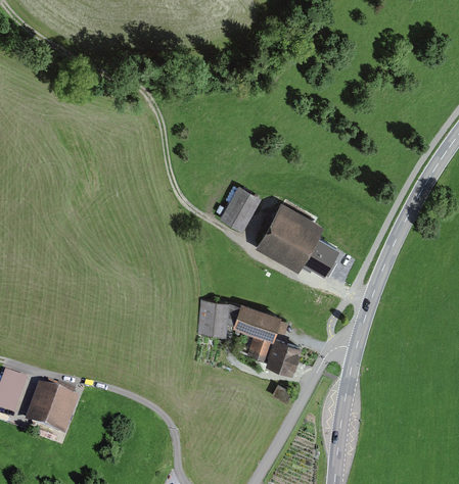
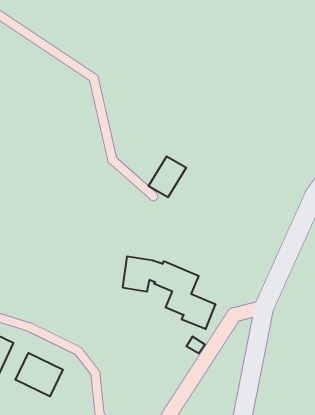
building: [255,202,335,278] -> none
building: none -> [15,353,63,396]

